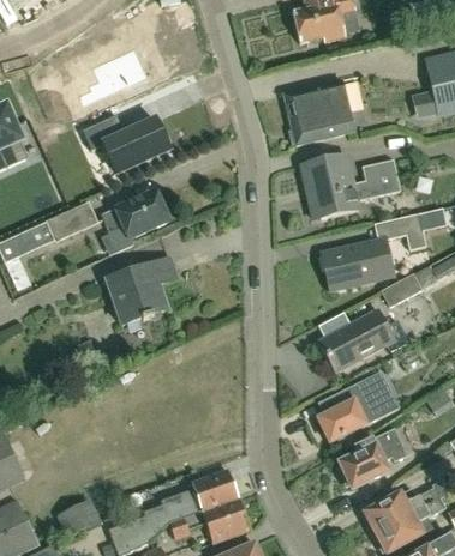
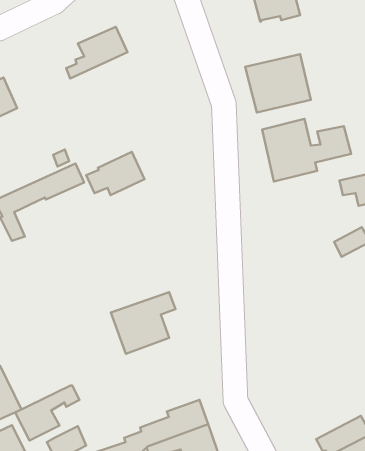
building: [82,116,169,174] -> none
building: [319,237,394,291] -> none
building: [103,255,176,325] -> [111,292,176,354]
building: [322,309,408,369] -> none
building: [319,370,400,441] -> none
building: [337,428,407,489] -> none
building: none -> [15,386,80,441]

